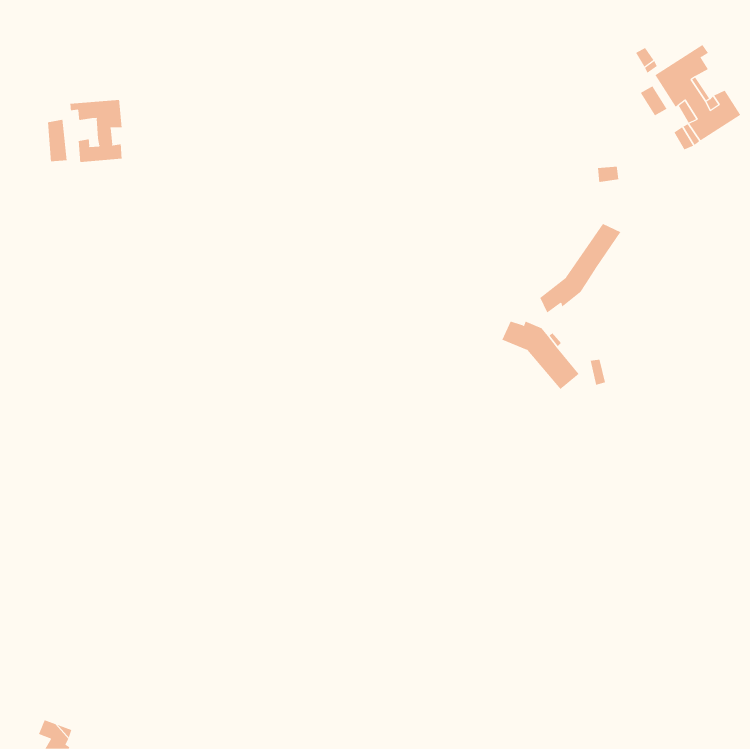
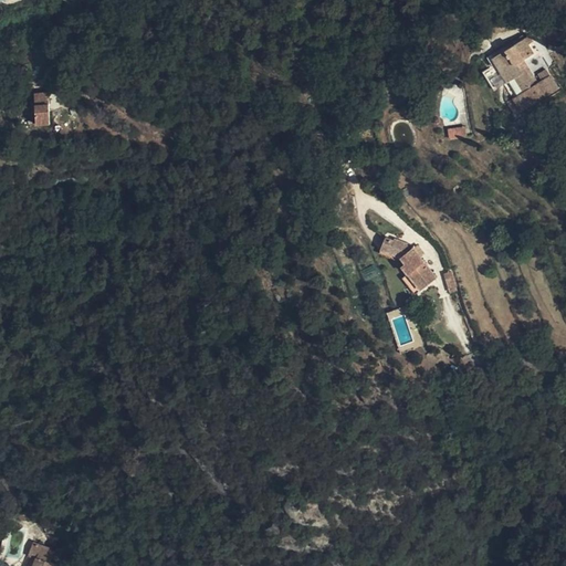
building: [70,99,122,163] -> none
building: [539,223,621,313] -> none

